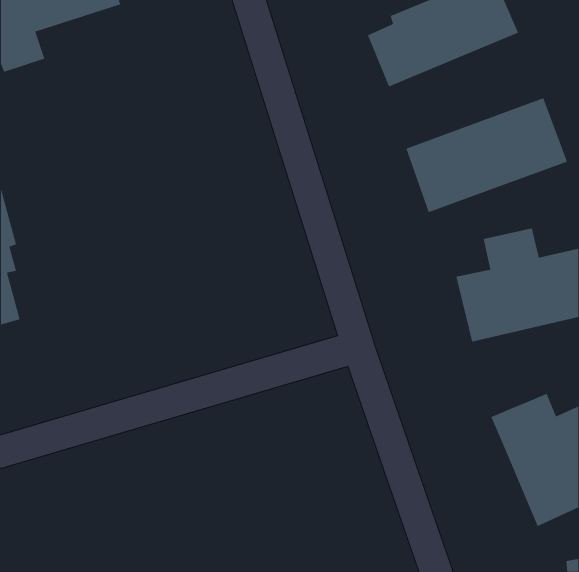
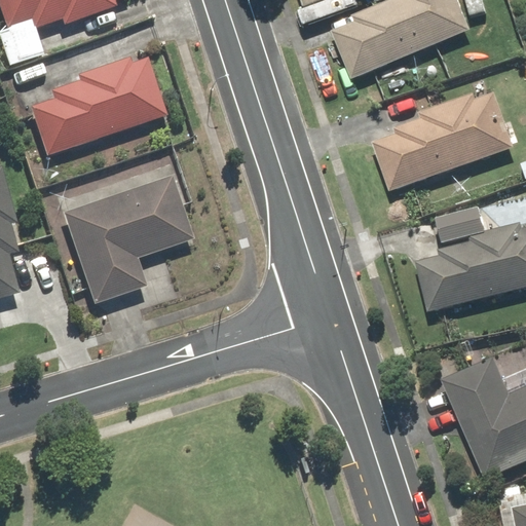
building: none -> [26,48,165,154]
building: none -> [58,175,193,305]

